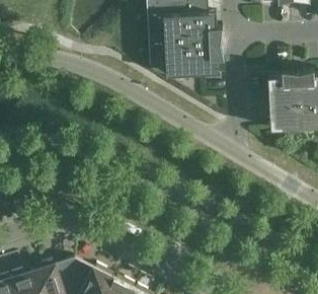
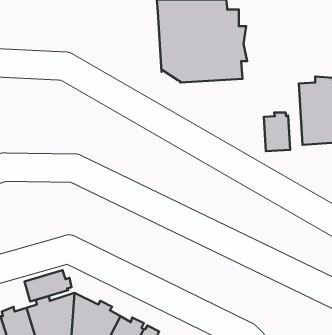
building: none -> [264,112,290,151]
building: none -> [25,270,71,301]

